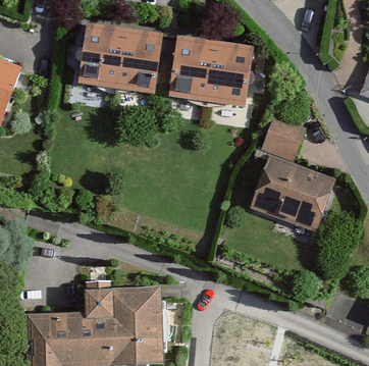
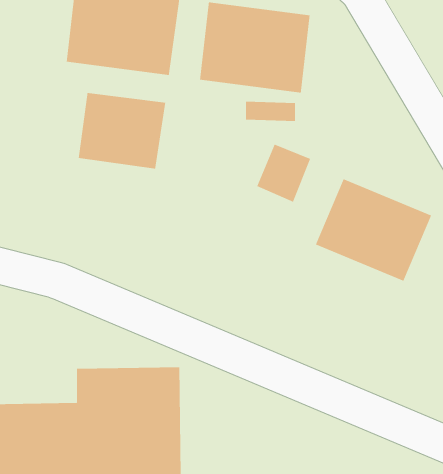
building: none -> [78,92,166,169]
building: [264,118,302,159] -> [256,144,311,203]

